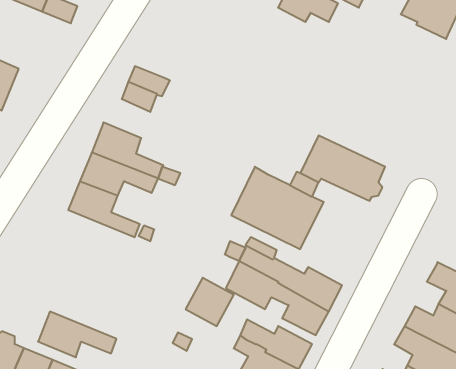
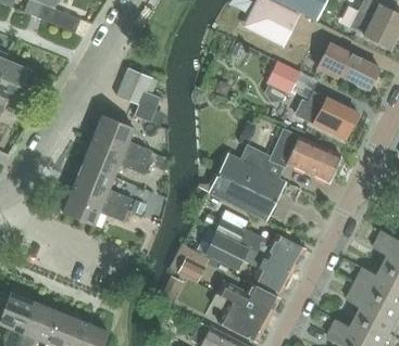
building: none -> [321,46,378,88]
building: none -> [266,61,300,94]
building: none -> [295,89,356,137]
building: [38,312,116,357] -> [63,188,128,226]

